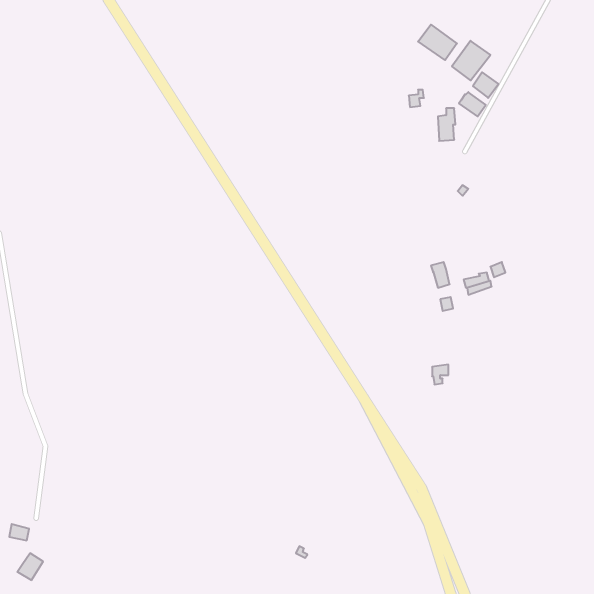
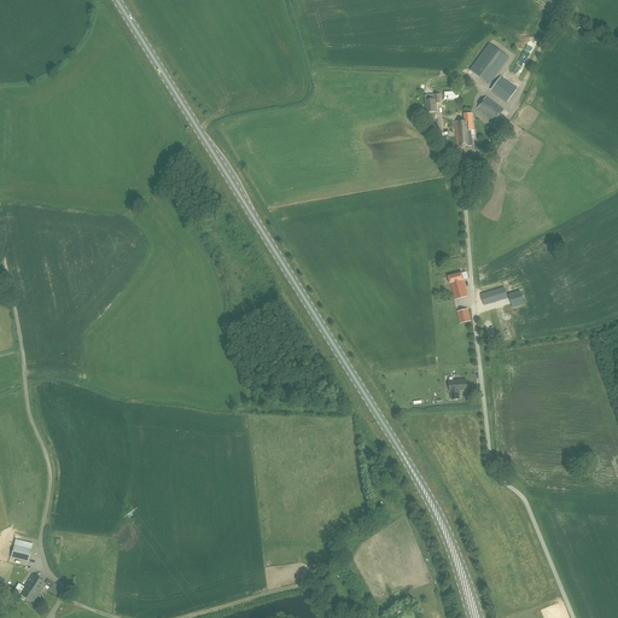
building: [418,25,457,60] -> none

